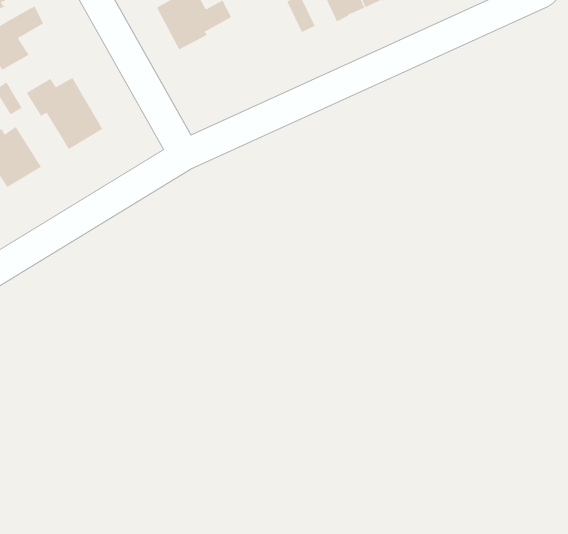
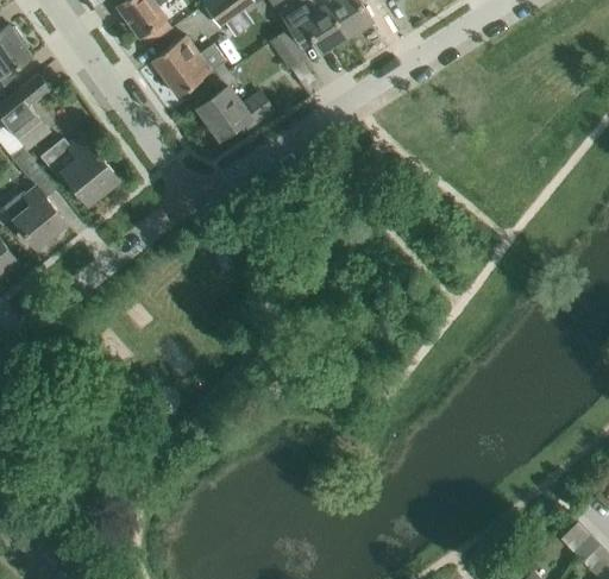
building: none -> [197,88,272,140]

